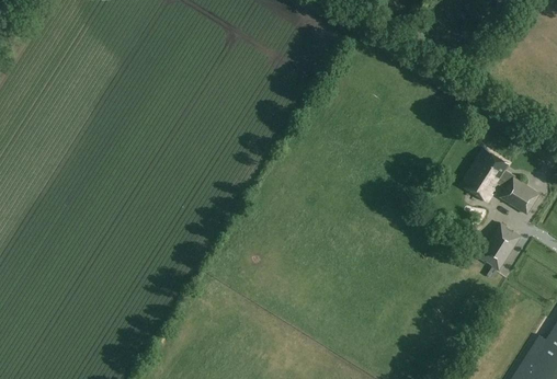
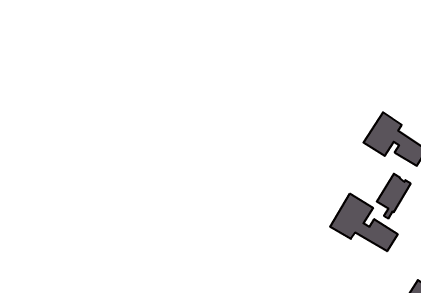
building: none -> [330,194,398,251]

